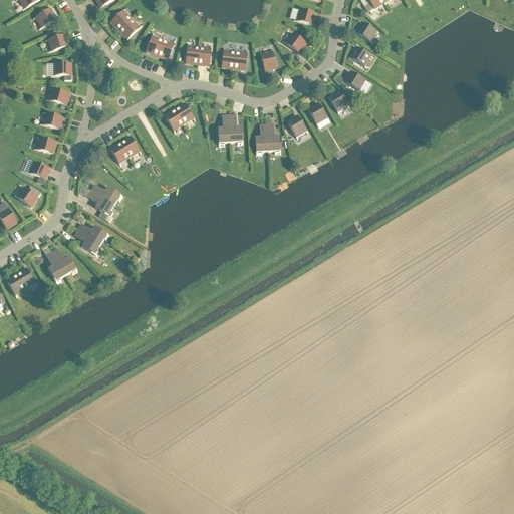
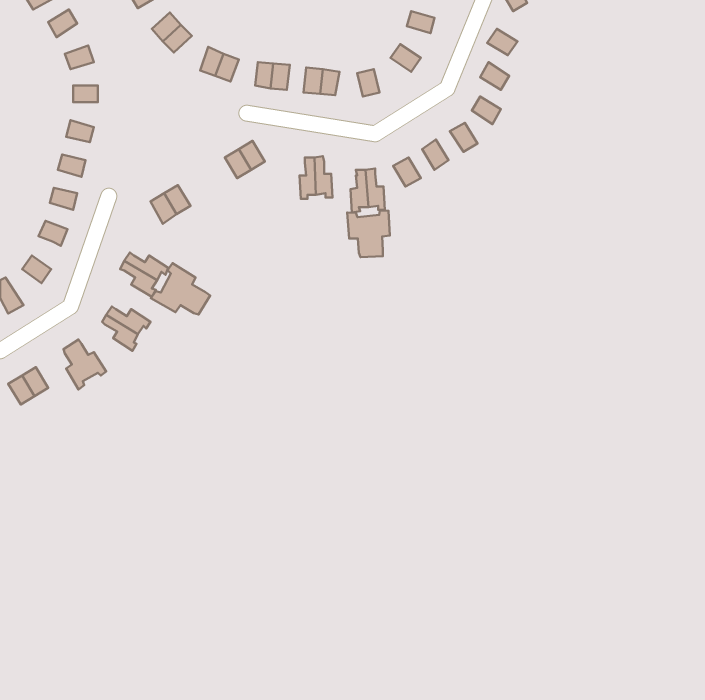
building: none -> [347,211,390,257]
building: none -> [151,263,210,315]

